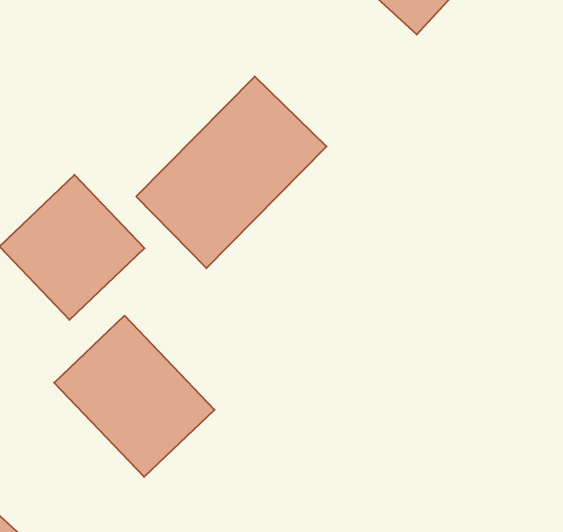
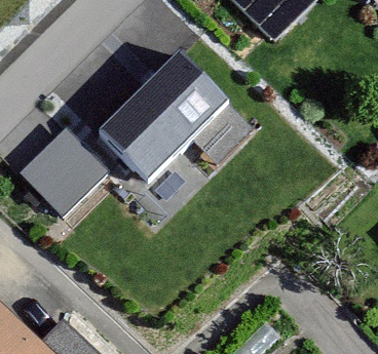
building: [54,316,215,477] -> none

